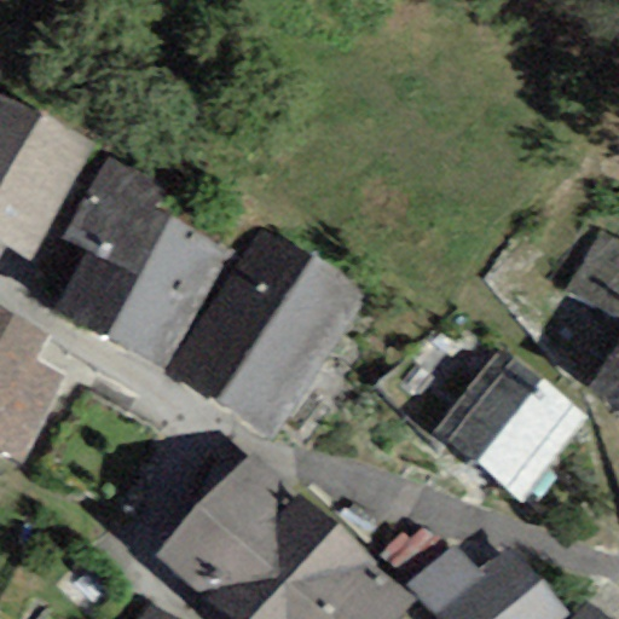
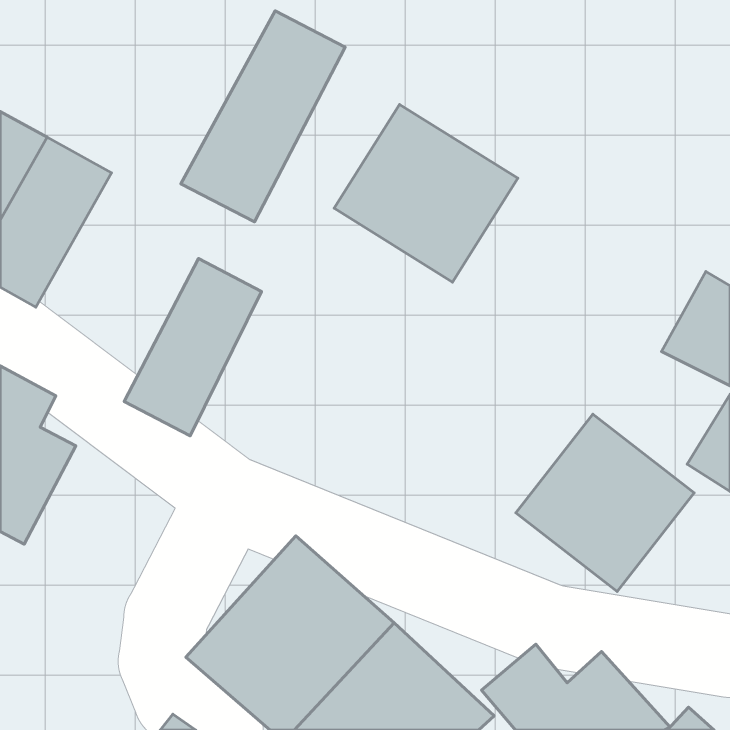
building: none -> [181,11,345,222]
building: none -> [334,104,518,282]
building: [56,158,168,340] -> none
building: [179,237,363,436] -> none

